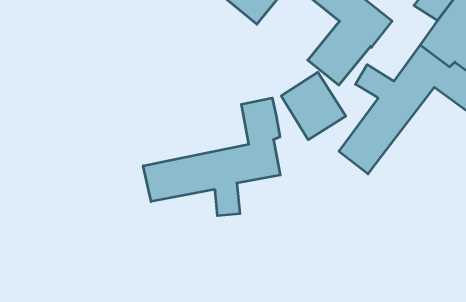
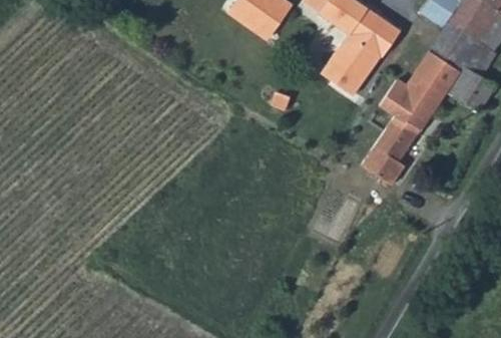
building: [281,72,346,140] -> none
building: [143,98,280,216] -> none

